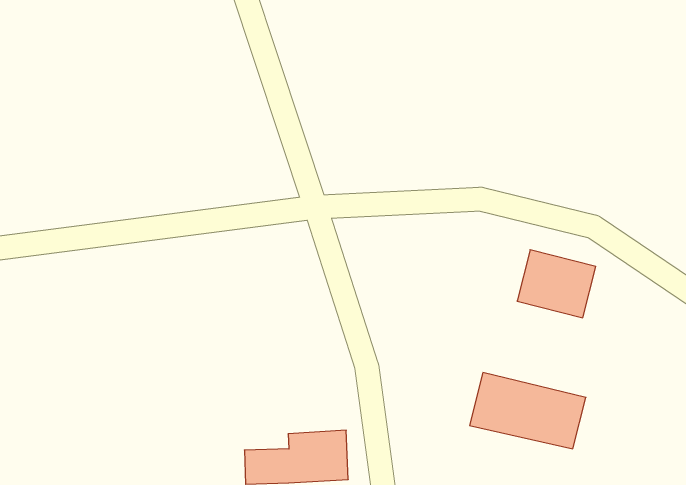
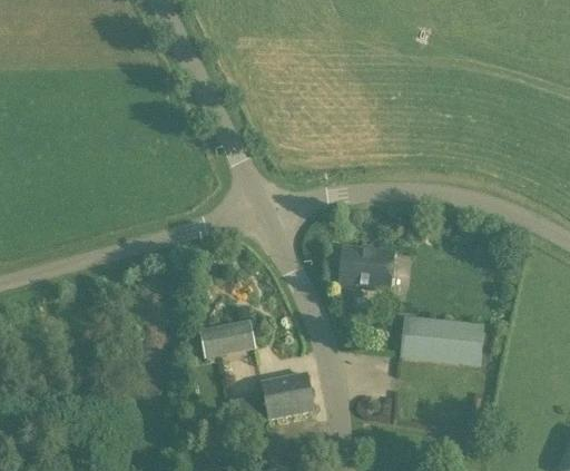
building: [517,250,596,318] -> [340,245,395,291]
building: none -> [199,318,256,356]

